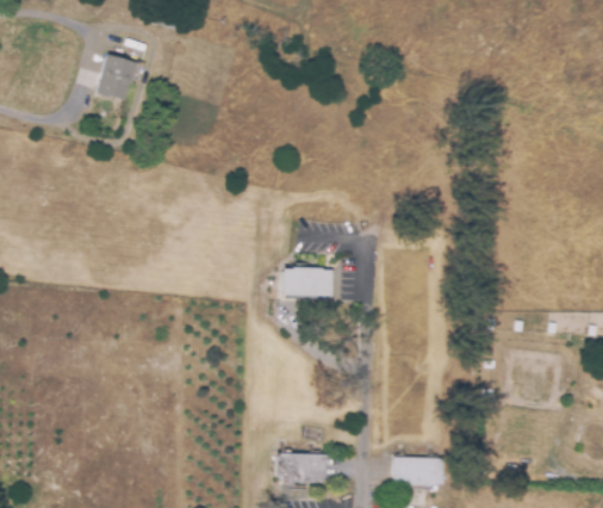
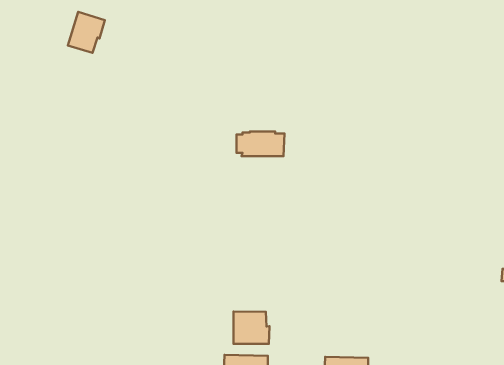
building: [282,267,338,296] -> [236,131,285,156]
building: none -> [234,311,269,344]

